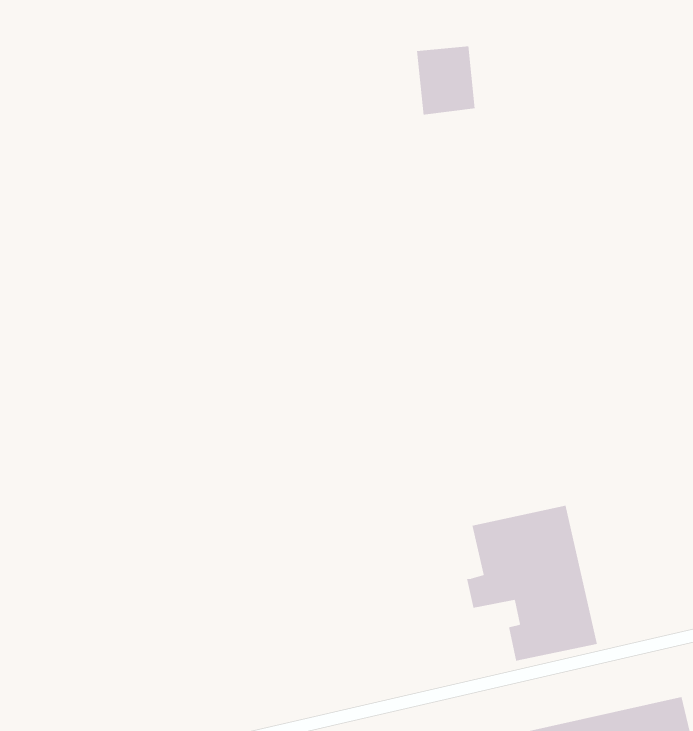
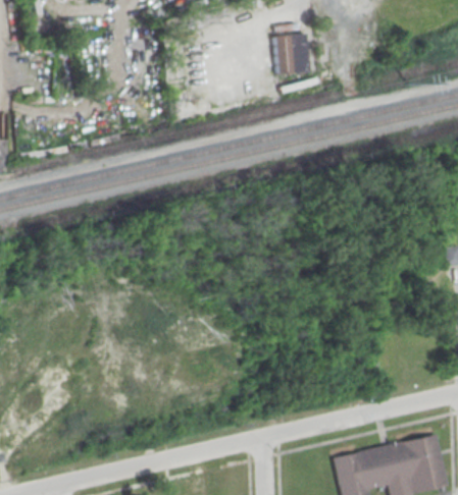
building: [466,505,598,661] -> none

